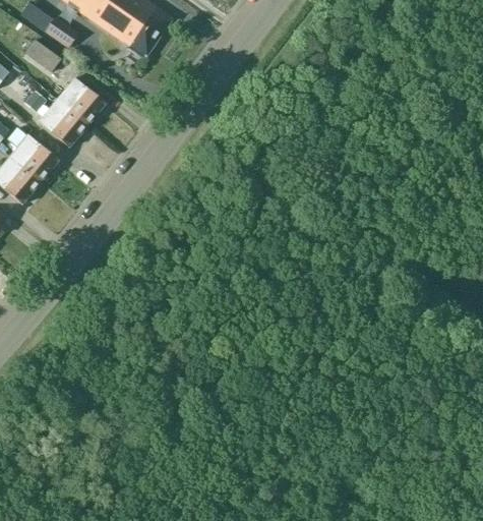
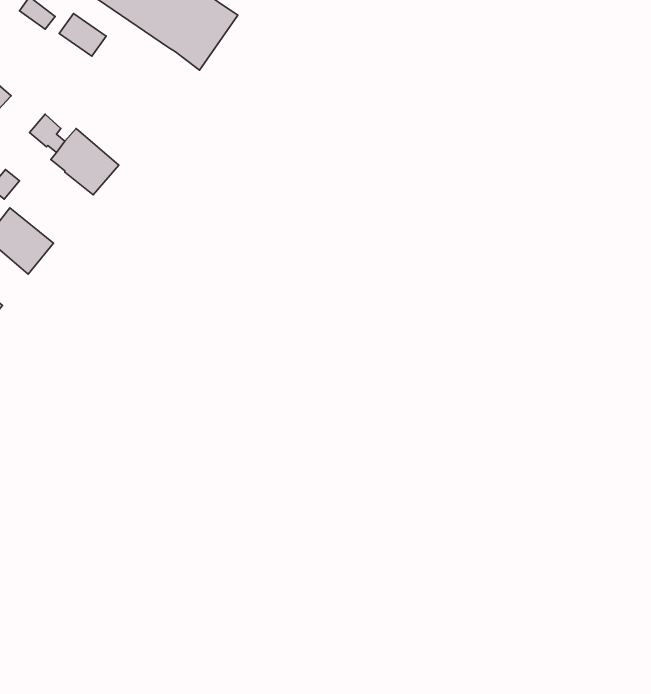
building: [23,38,60,71] -> none
building: [56,76,105,124] -> none
building: [8,133,58,180] -> none

